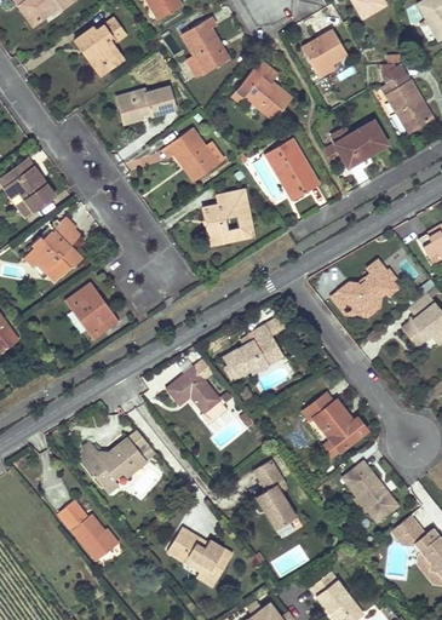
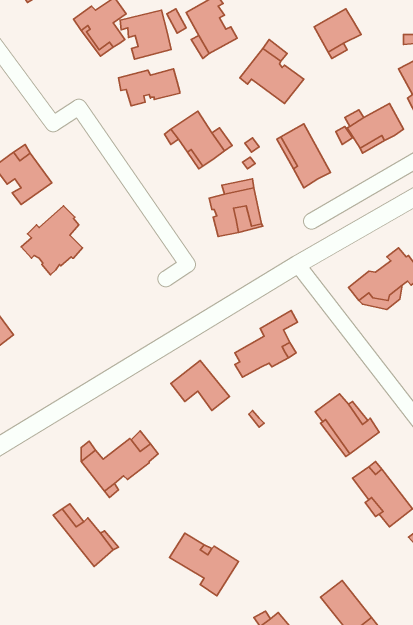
building: none -> [120,10,171,59]
building: [64,282,119,339] -> none
building: [253,459,295,529] -> none

